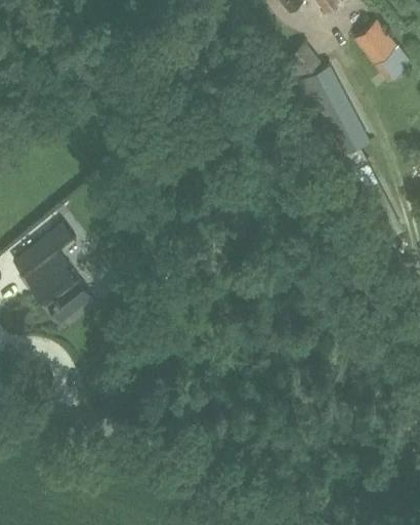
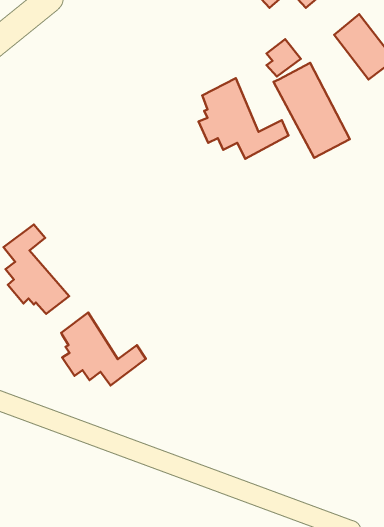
building: none -> [199,78,289,159]
building: none -> [61,313,146,386]

